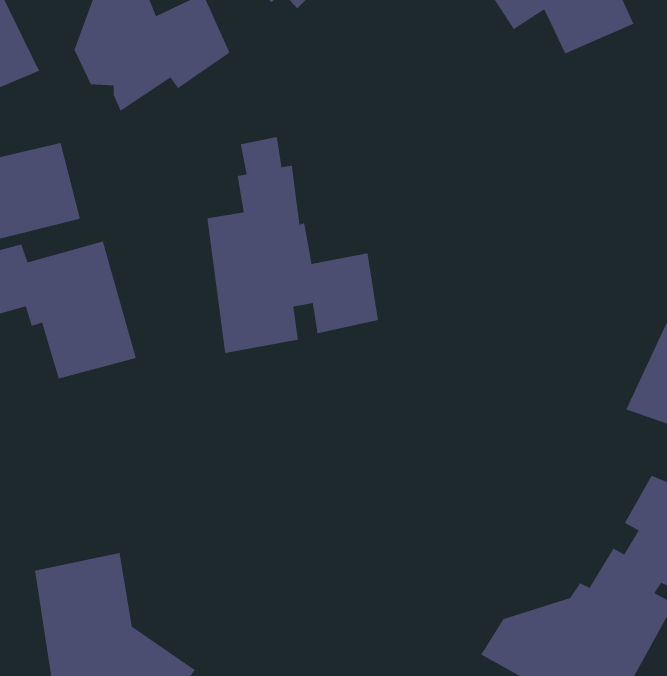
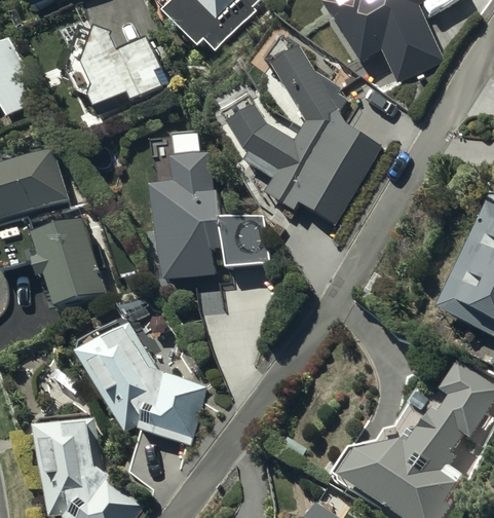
building: none -> [228,48,378,221]
building: none -> [76,323,203,441]

